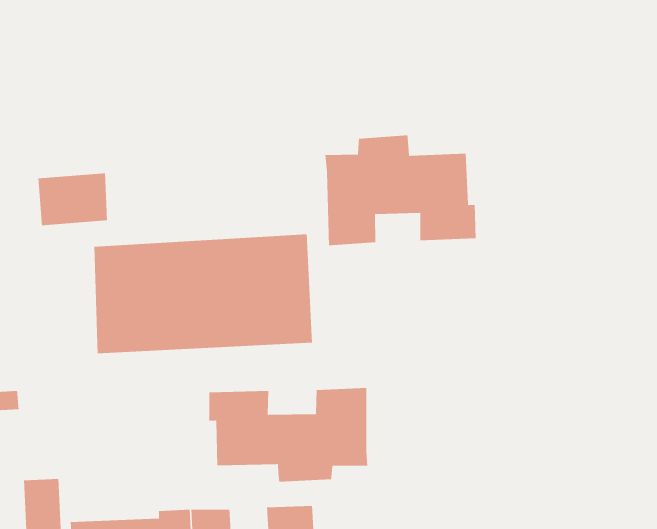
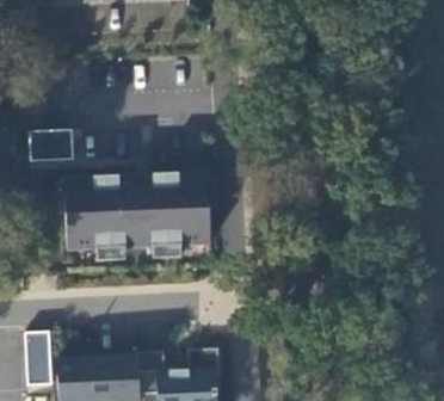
building: [325,134,476,246] -> none
building: [208,387,368,483] -> none

